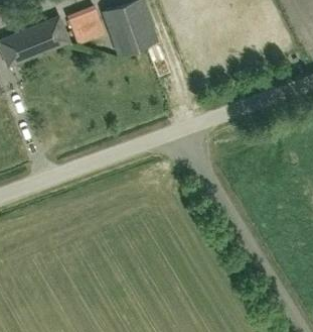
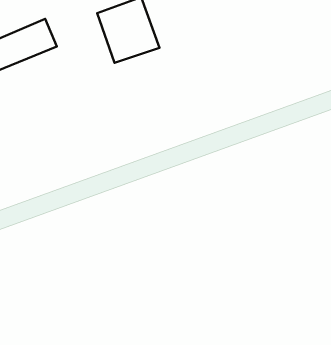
building: [66,8,101,37] -> none

